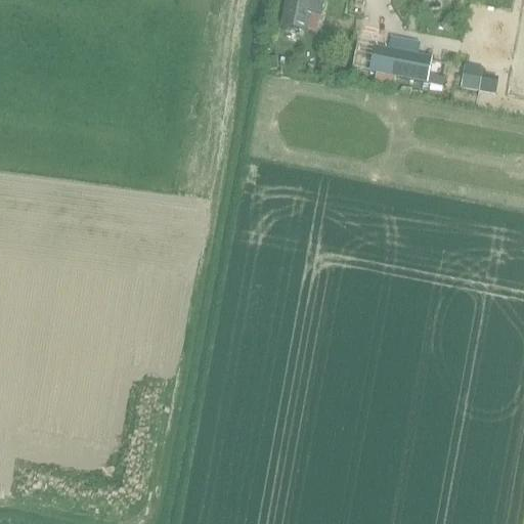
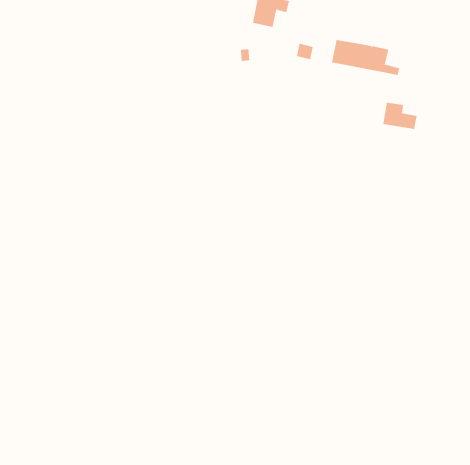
building: [460,61,498,92] -> [383,102,418,130]

